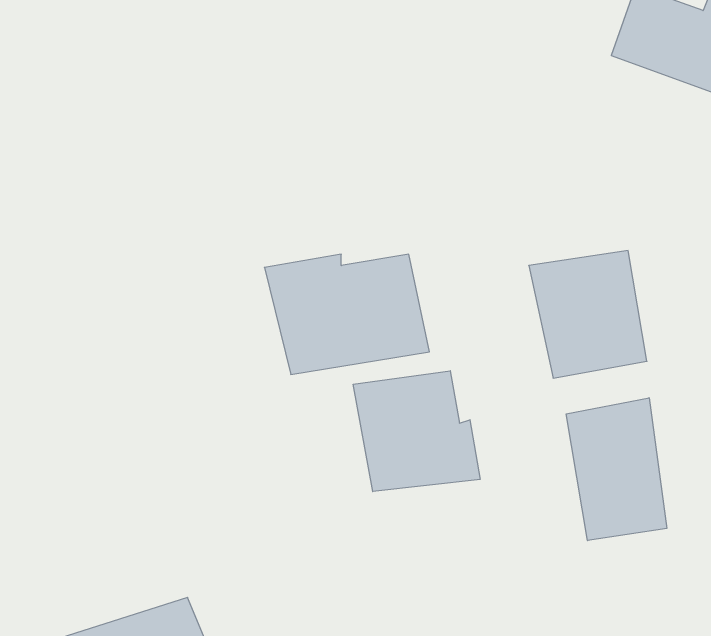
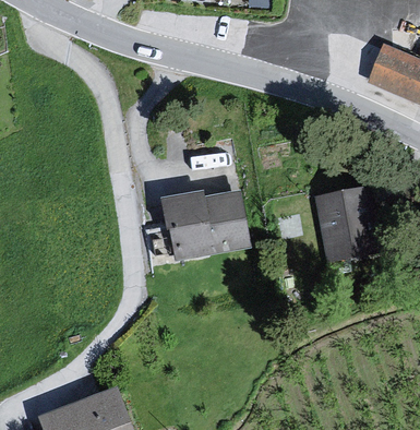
building: [353,371,480,492] -> none
building: [566,398,667,541] -> none

